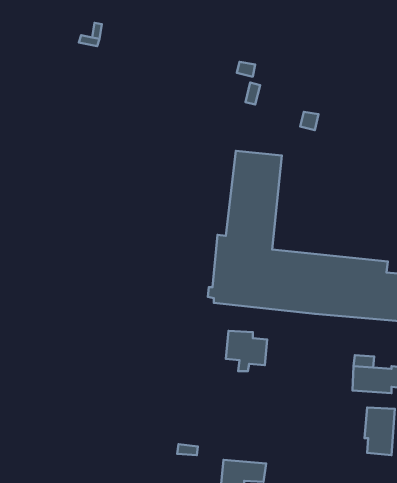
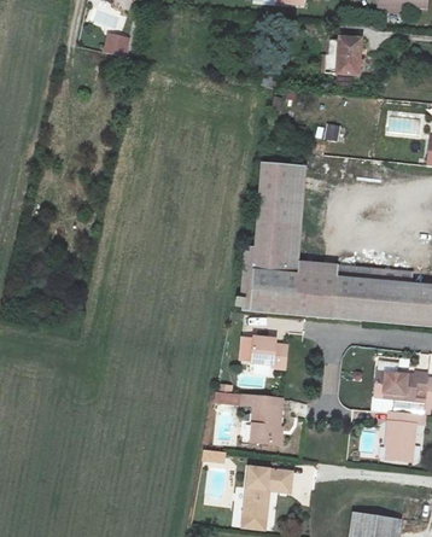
building: none -> [338,35,364,74]
building: none -> [243,397,282,444]

